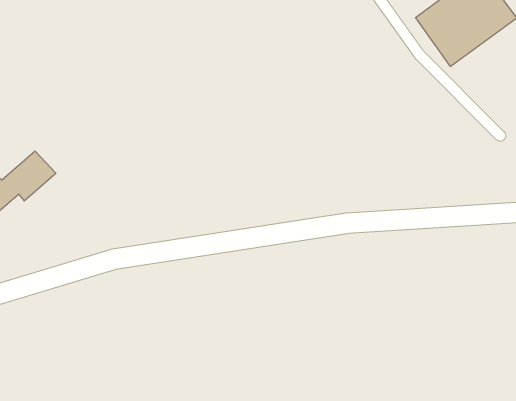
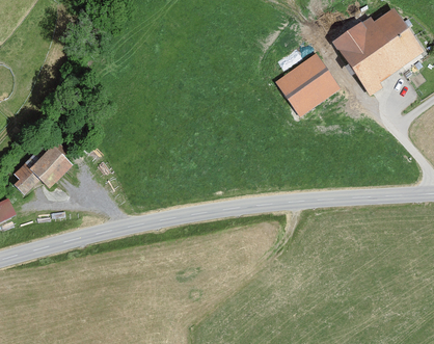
building: none -> [280,55,335,107]

